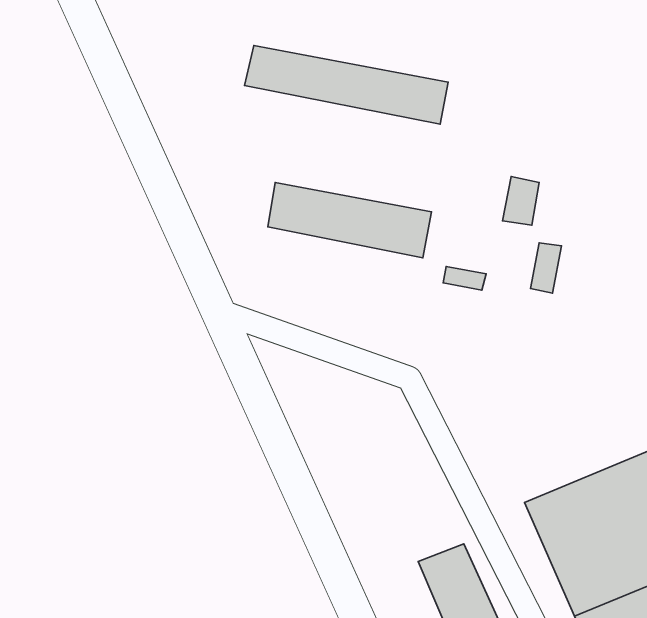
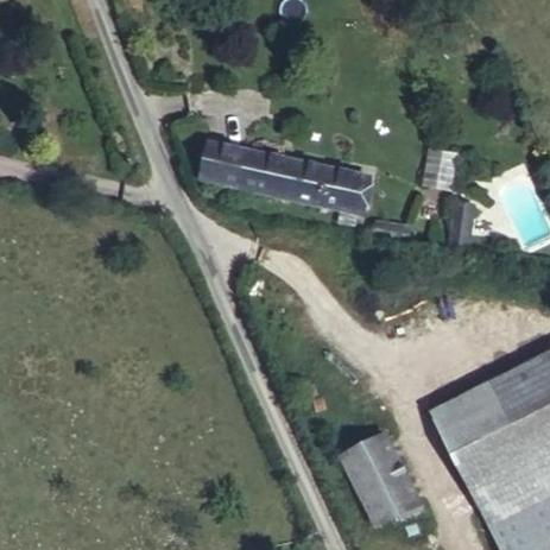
building: [245,46,448,124] -> none
building: none -> [195,141,238,184]

